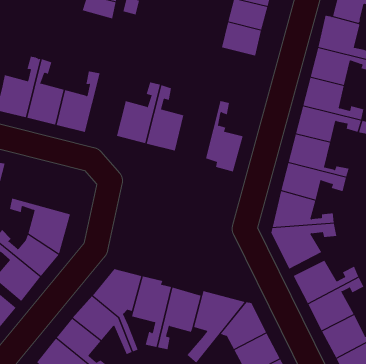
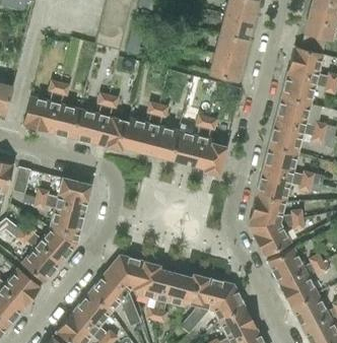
building: none -> [97,95,130,150]
building: none -> [172,115,208,165]
building: none -> [37,179,91,211]

